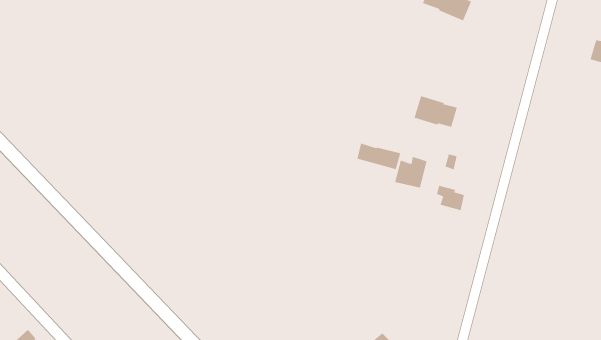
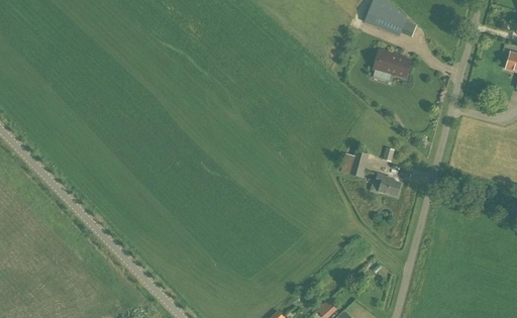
building: [413,95,458,128] -> [373,49,410,77]
building: [357,143,401,170] -> none

